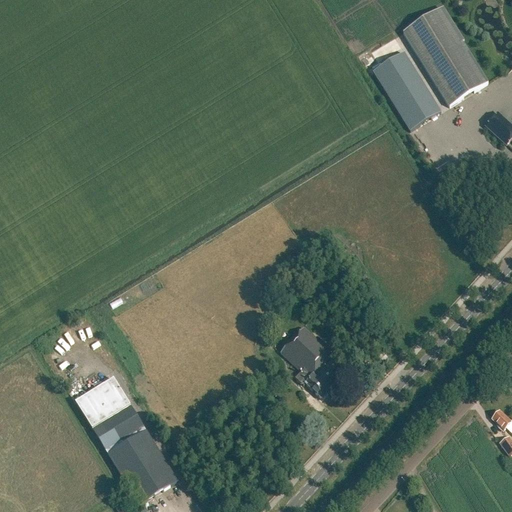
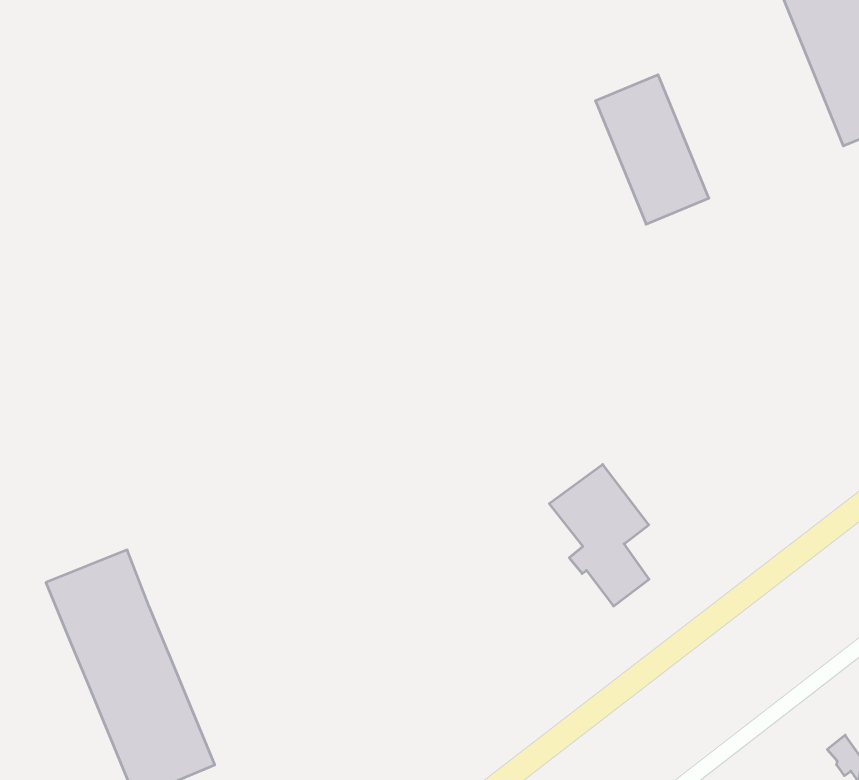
building: [371,50,438,128] -> [595,75,709,224]
building: [280,324,338,396] -> [549,464,649,606]

